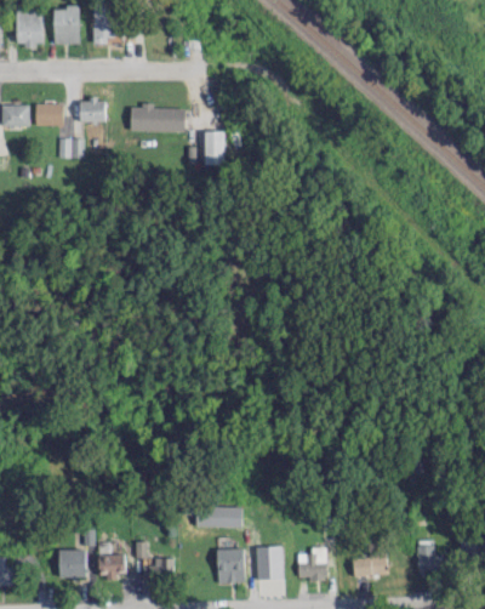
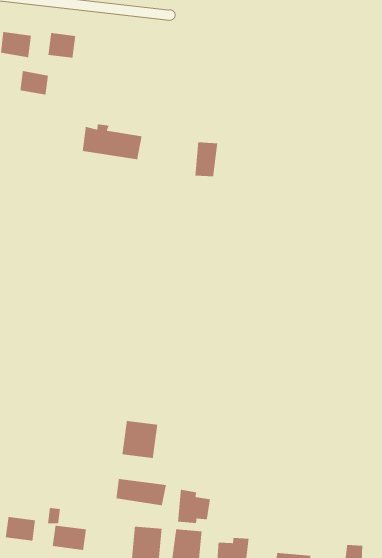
building: [130,103,184,132] -> [82,124,142,160]
building: [204,131,223,165] -> [194,141,218,177]
building: none -> [122,420,158,459]
building: none -> [177,489,211,524]

